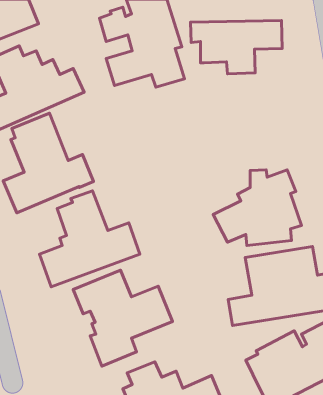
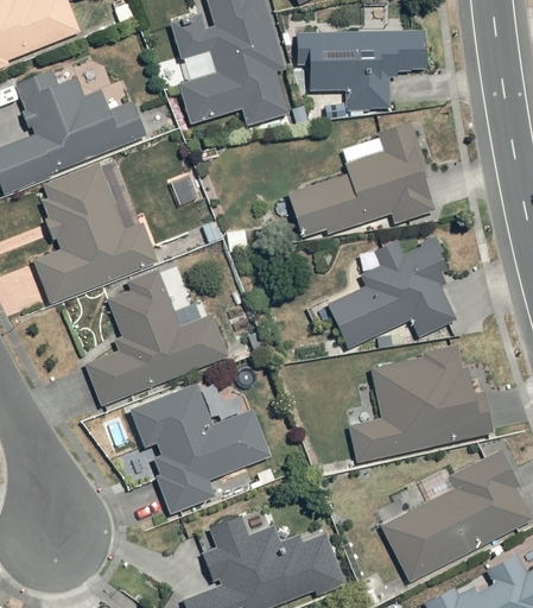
building: none -> [286,113,432,242]

